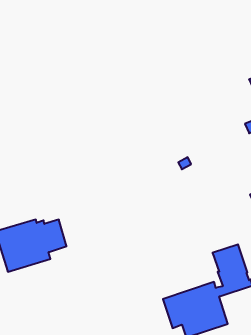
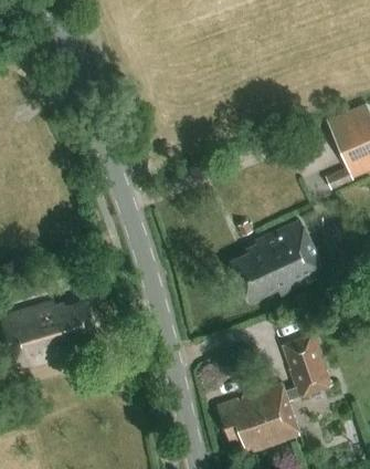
building: none -> [233,222,325,300]

